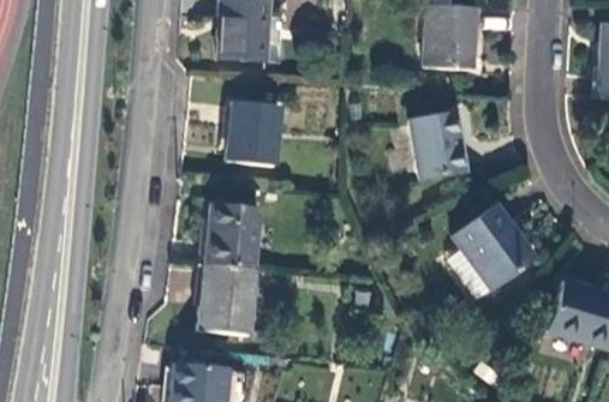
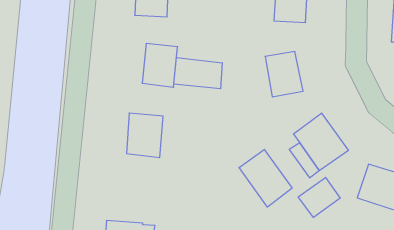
building: none -> [174,57,222,89]
building: none -> [239,149,292,207]
building: [199,264,255,334] -> none
building: none -> [298,177,340,217]

